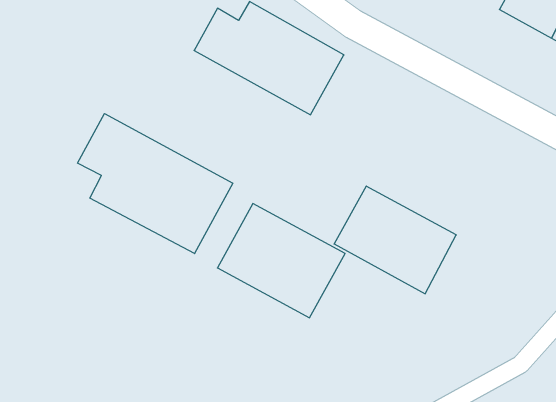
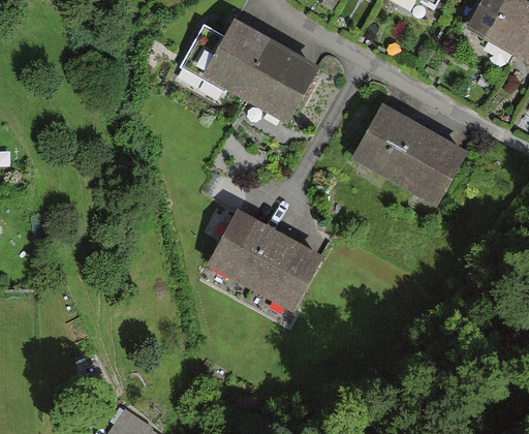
building: [78,114,233,254] -> none
building: [334,186,456,294] -> [356,104,470,205]

